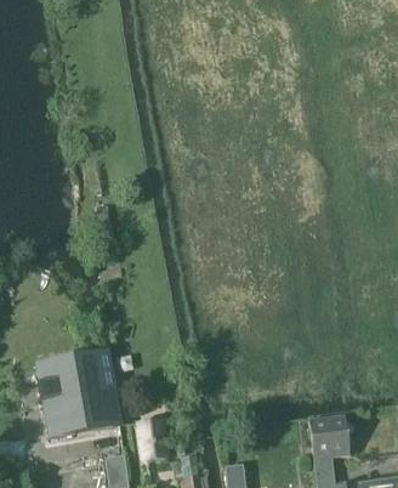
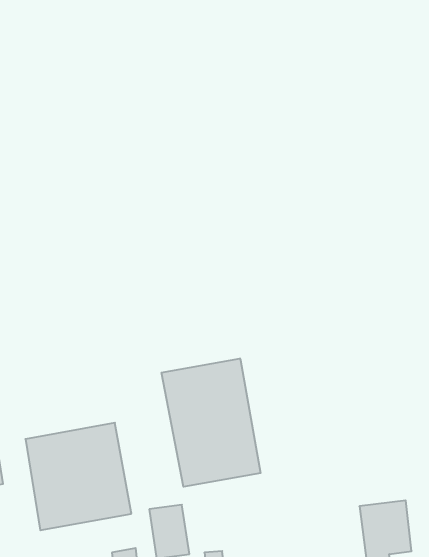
building: none -> [162,358,261,487]

